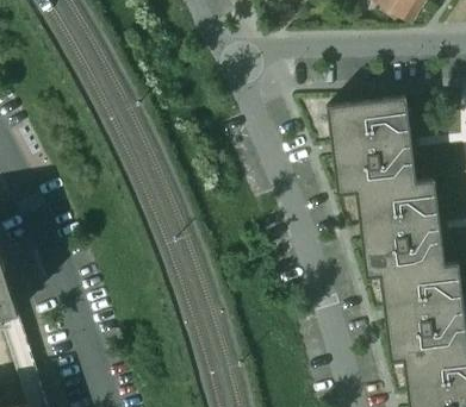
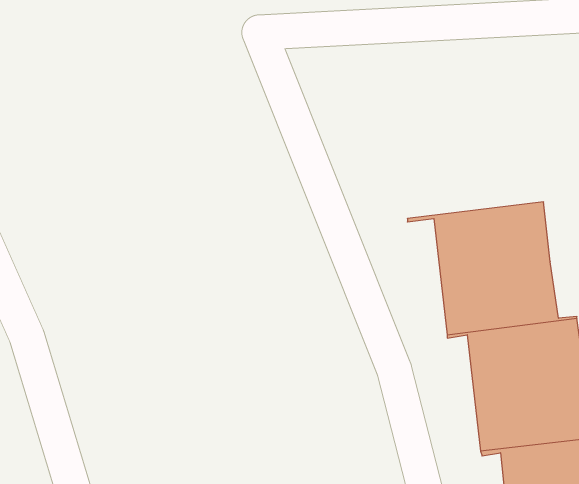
building: [327,94,435,190] -> none

